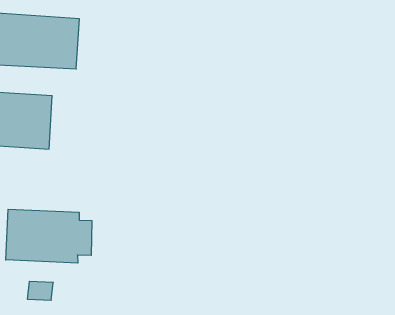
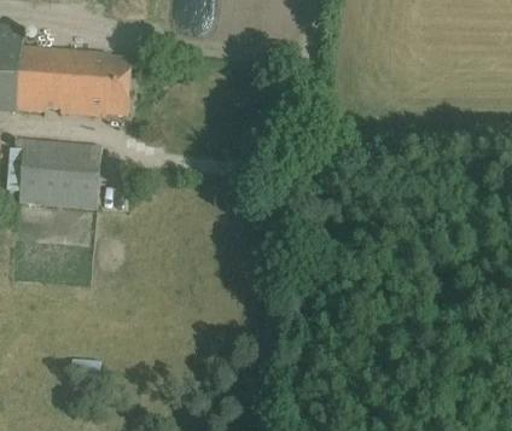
building: [6,209,92,263] -> none

